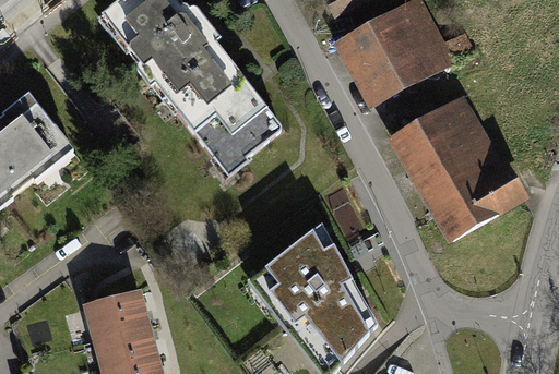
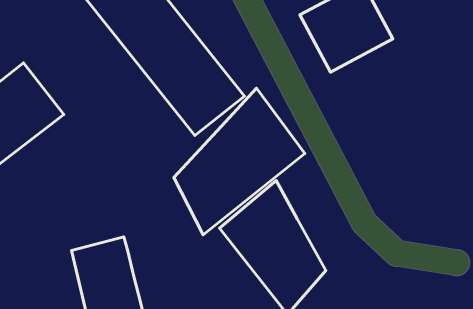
building: [389,93,522,238] -> none
building: none -> [174,88,305,235]

